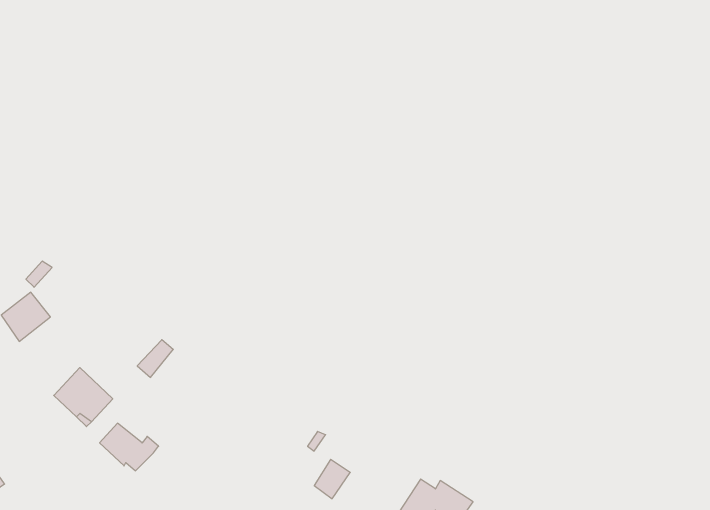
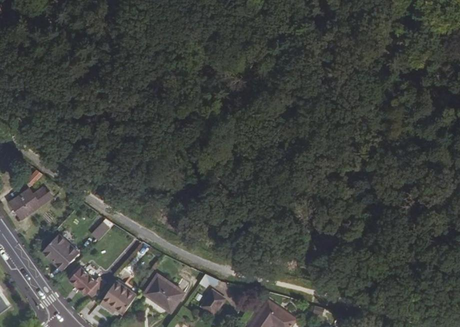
building: none -> [143,276,180,310]
building: none -> [99,281,134,313]

